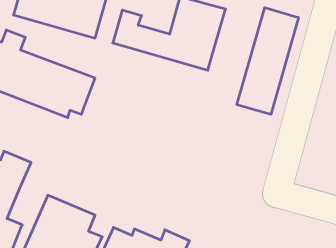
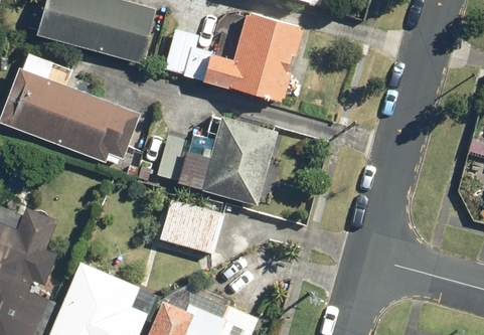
building: [237,8,298,114] -> none
building: none -> [155,115,277,204]
building: none -> [159,198,224,254]

